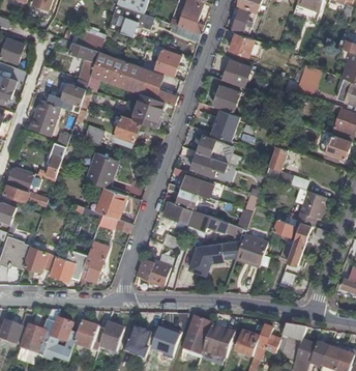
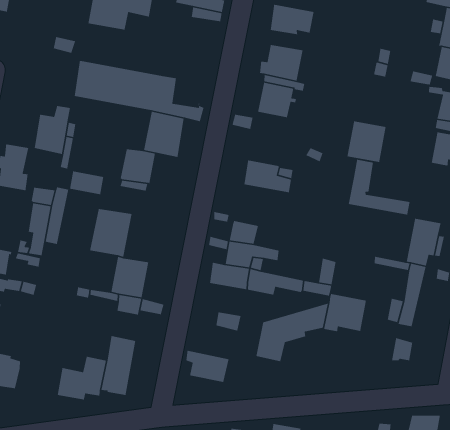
building: [50,37,98,82] -> none
building: [153,48,180,77] -> none
building: [211,109,241,140] -> [347,121,387,163]
building: [190,151,228,176] -> none
building: [23,247,54,270] -> none

